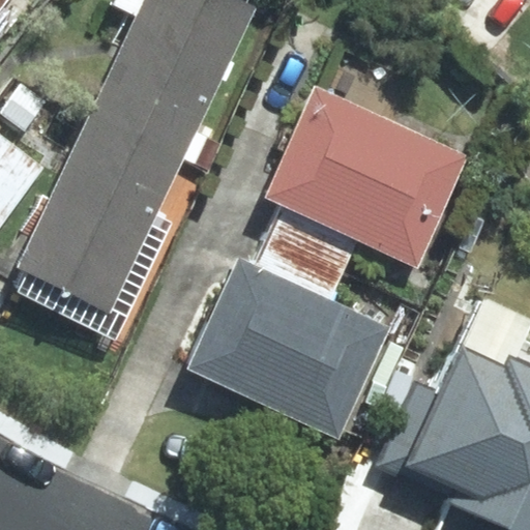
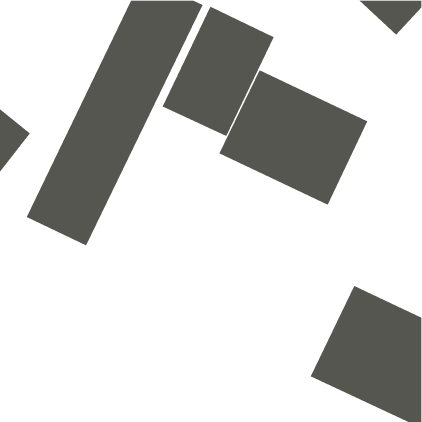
building: none -> [162,6,275,137]
building: [194,262,384,433] -> none

